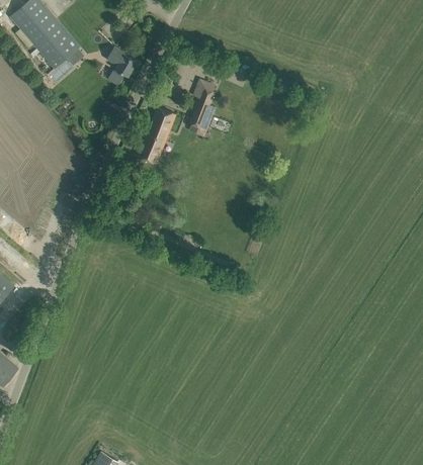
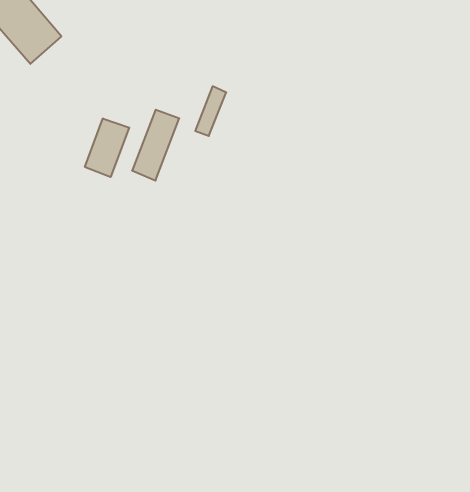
building: [107,46,137,87] -> none
building: none -> [85,118,129,177]

